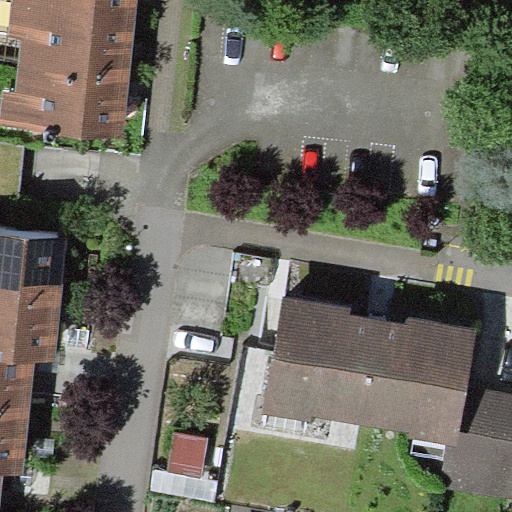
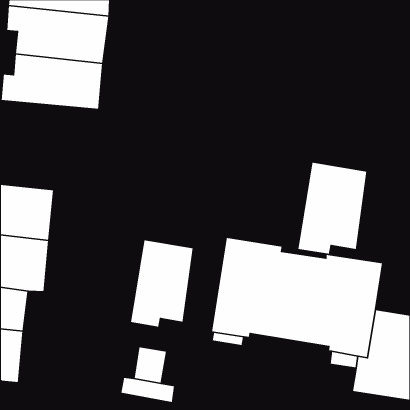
building: none -> [298,162,367,255]
building: none -> [130,240,193,327]

